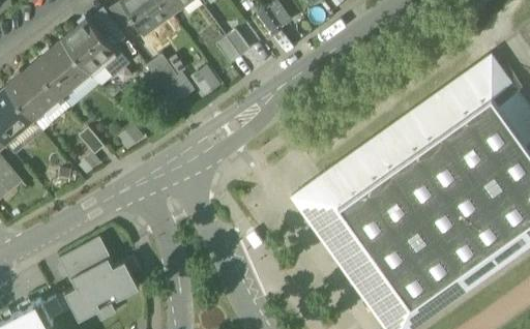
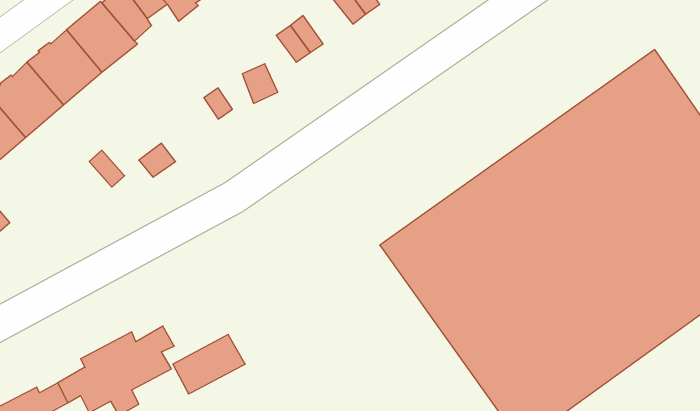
building: [89,48,129,87] -> none
building: [146,55,179,90] -> none
building: [60,238,113,281] -> [173,334,245,394]

